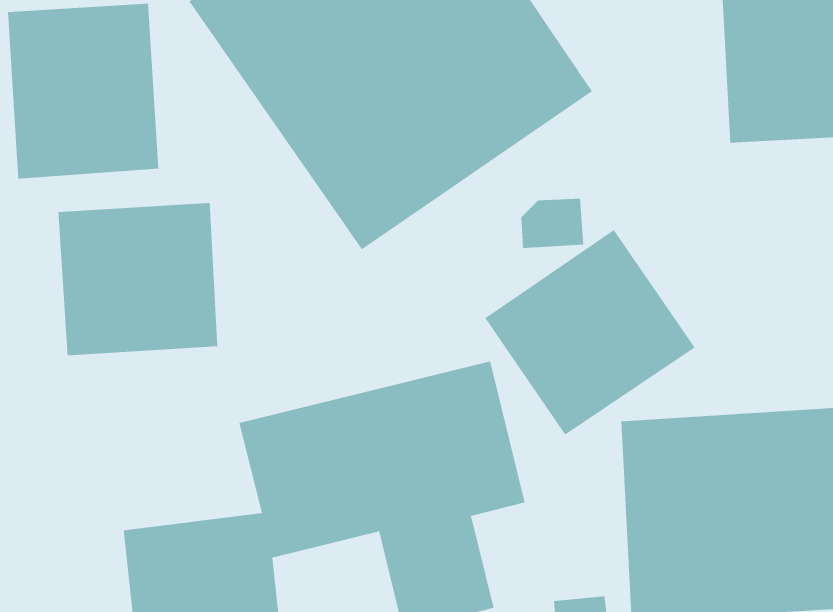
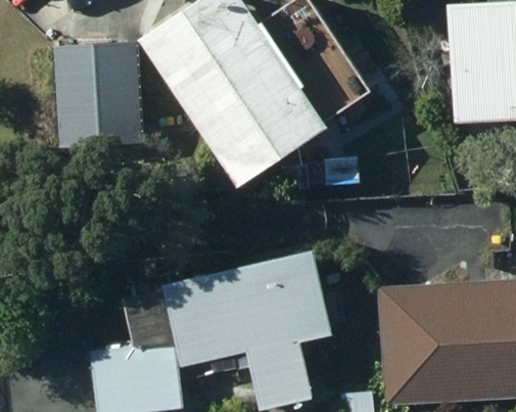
building: [58,202,218,356] -> none
building: [485,229,695,436] -> none

